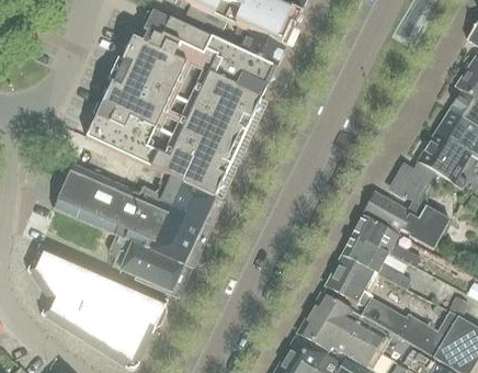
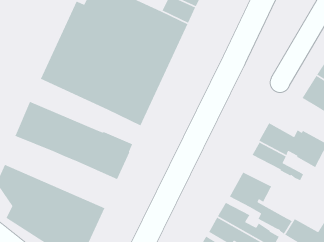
building: [390,160,437,203] -> none
building: [160,176,216,219] -> none
building: [343,233,412,287] -> none
building: [109,235,184,292] -> none

